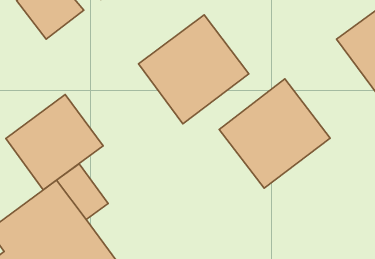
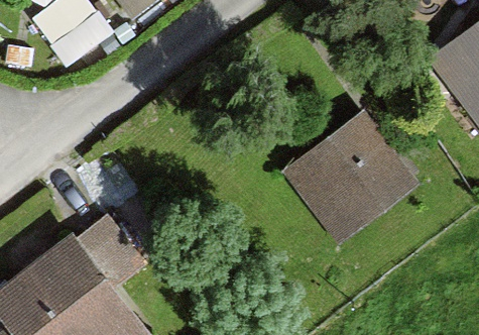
building: [138,15,249,124] -> none
building: [6,94,103,190] -> none

